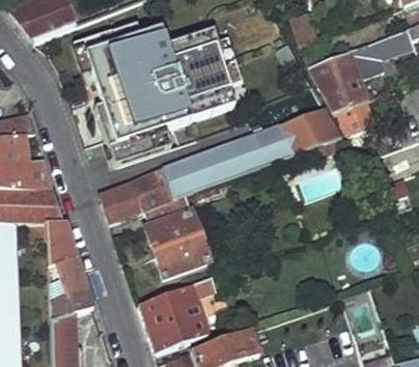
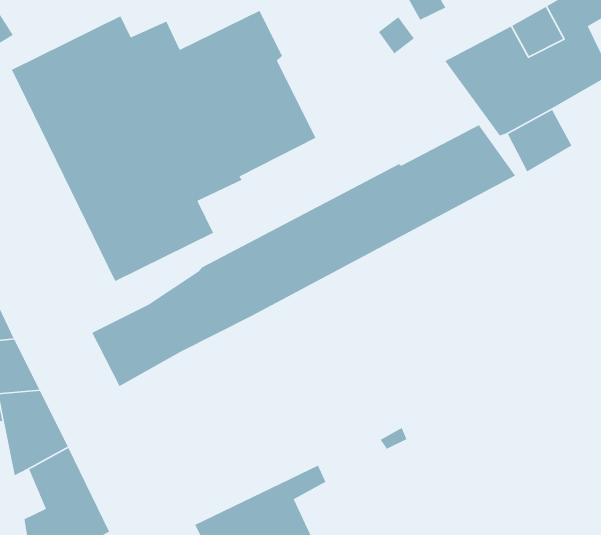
building: [142,195,216,280] -> none

